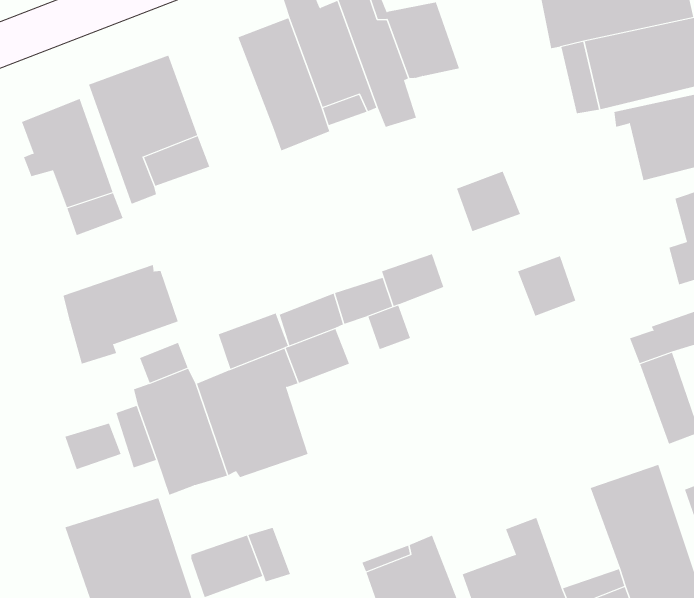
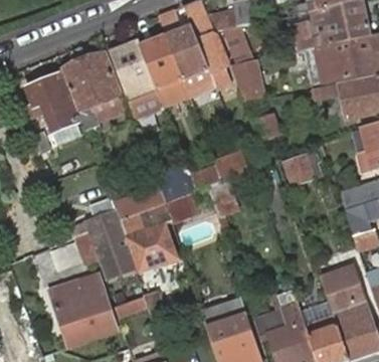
building: none -> [109,39,156,102]
building: none -> [232,59,278,102]
building: [63,264,178,364] -> none

